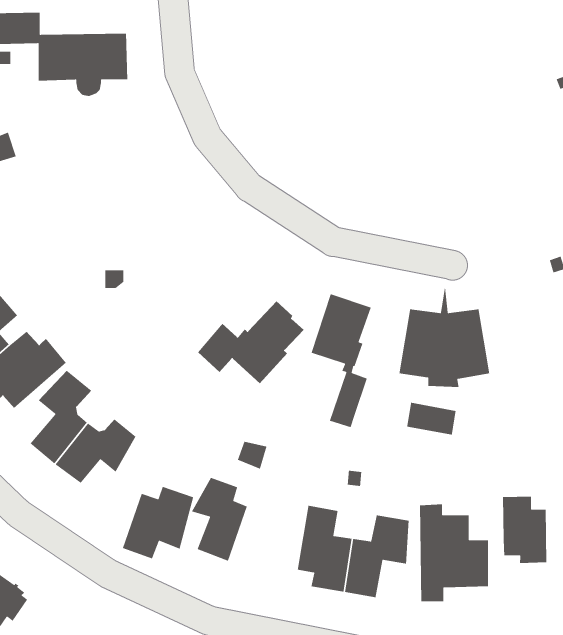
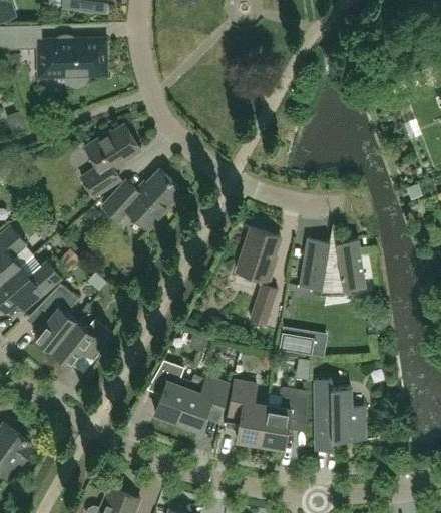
building: none -> [80,125,140,198]
building: [197,301,304,384] -> [102,170,179,230]
building: [406,402,457,435] -> [278,332,314,356]
building: [122,486,194,560] -> [176,377,229,430]
building: [502,496,547,564] -> none

